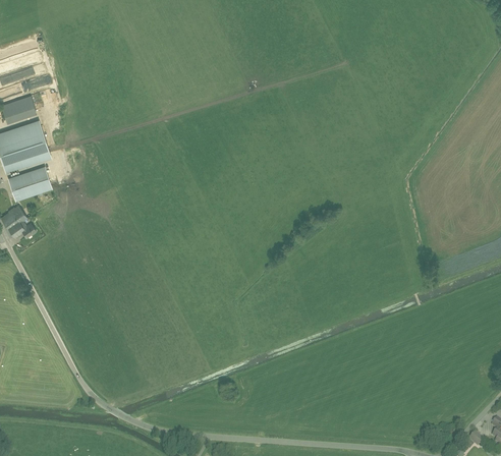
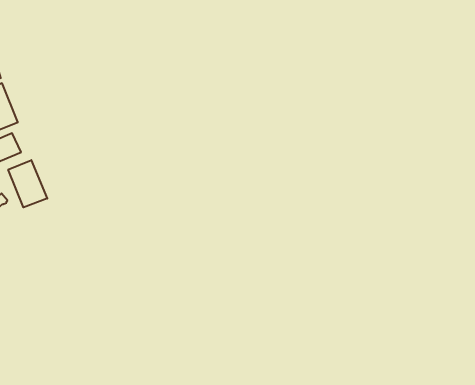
building: none -> [8,160,47,207]

